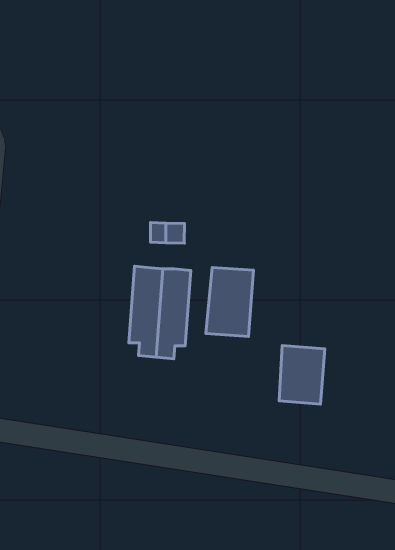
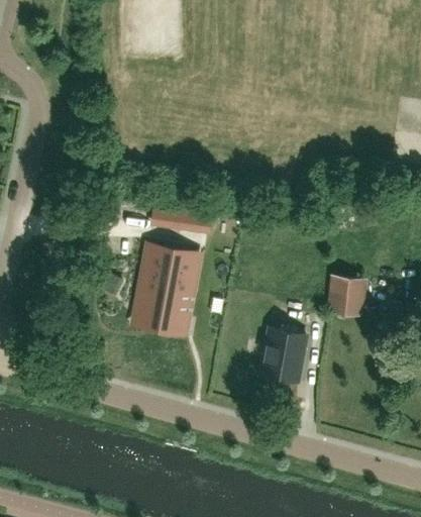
building: [206,267,254,337] -> none
building: none -> [328,277,365,316]

